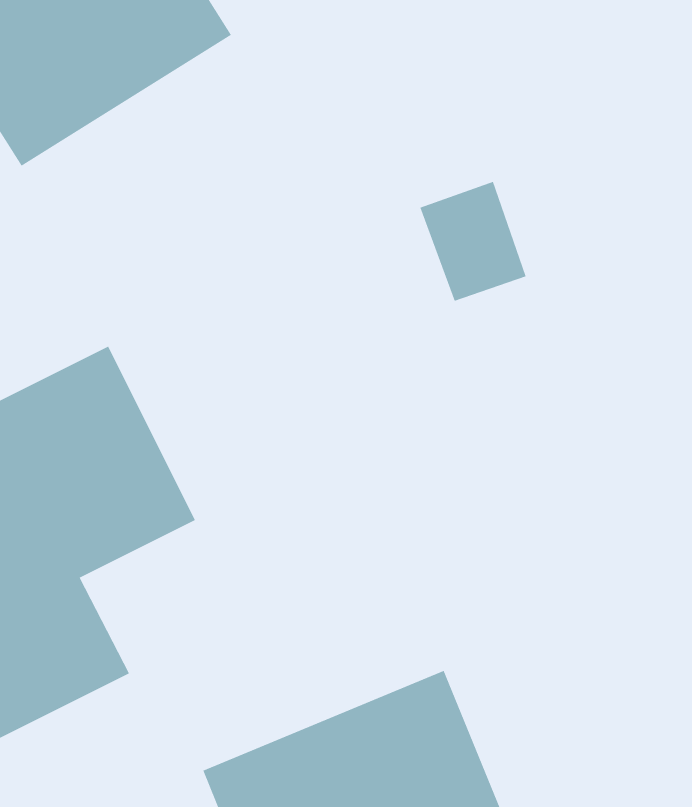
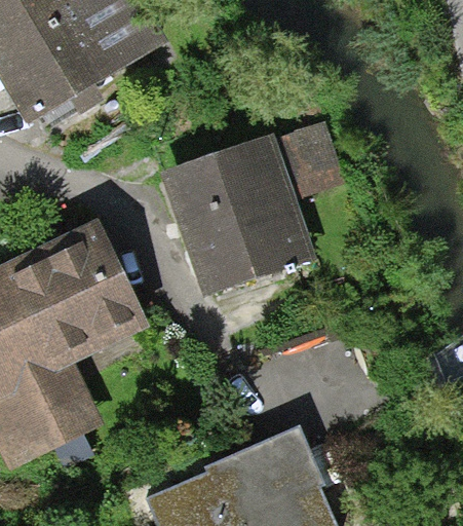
building: none -> [170,135,309,295]

